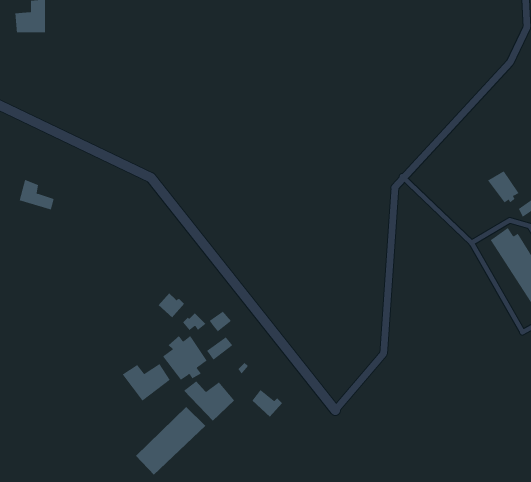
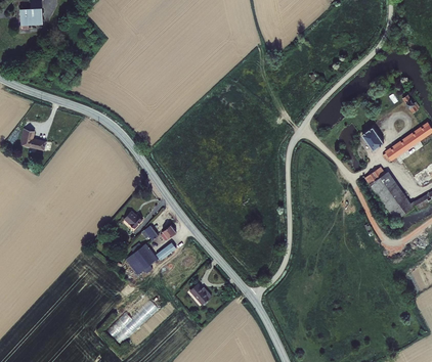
building: [122,363,170,401] -> none
building: [183,381,235,422] -> none

